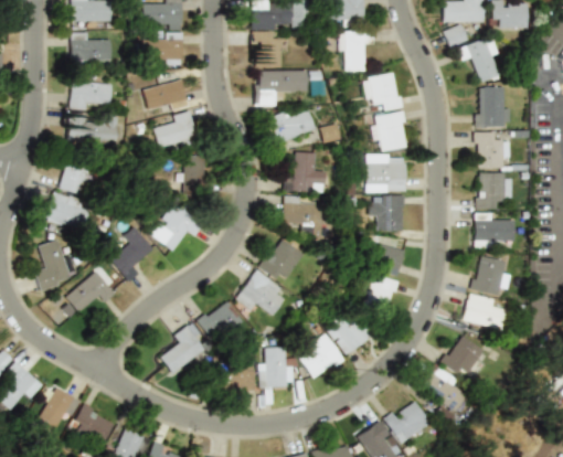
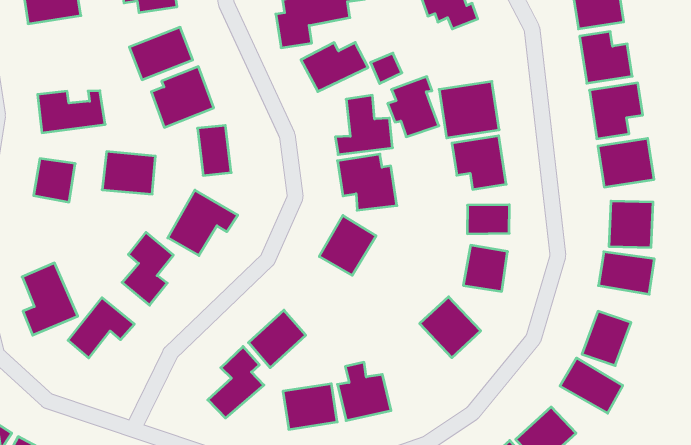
building: [72,83,111,109] -> none
building: [371,111,406,153] -> [388,77,439,137]
building: [45,193,88,230] -> [102,152,155,194]
building: [237,270,288,317] -> none
building: [296,333,343,380] -> none

